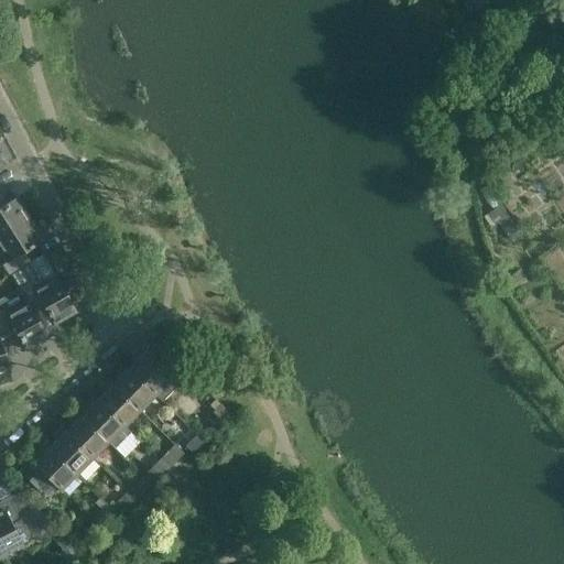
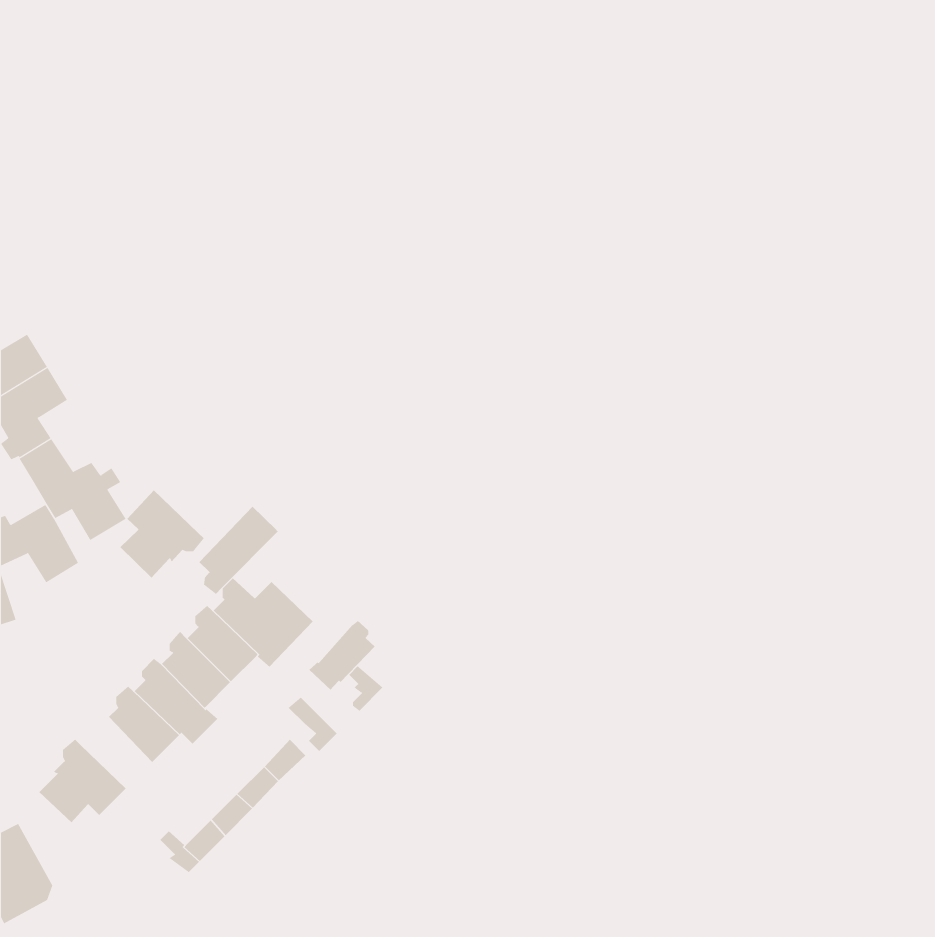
building: none -> [120,489,205,579]
building: none -> [198,506,279,595]
building: none -> [309,620,376,690]
building: [50,427,93,474] -> none

